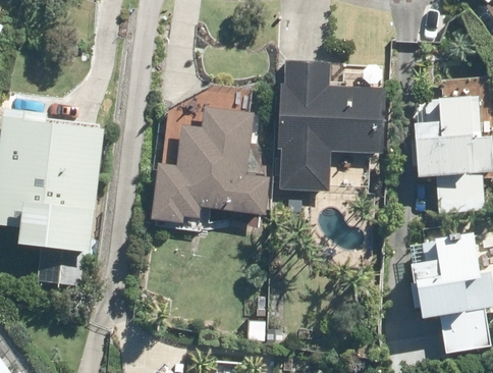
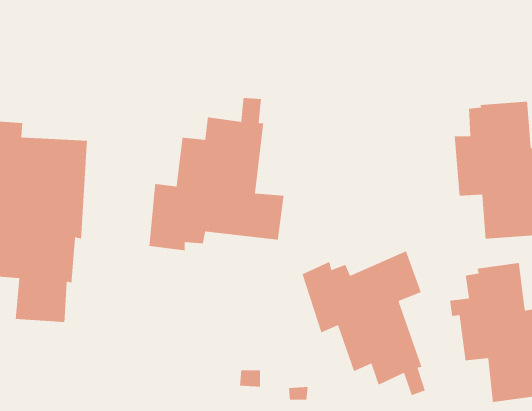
building: [279,61,383,192] -> none
building: none -> [302,250,426,396]

